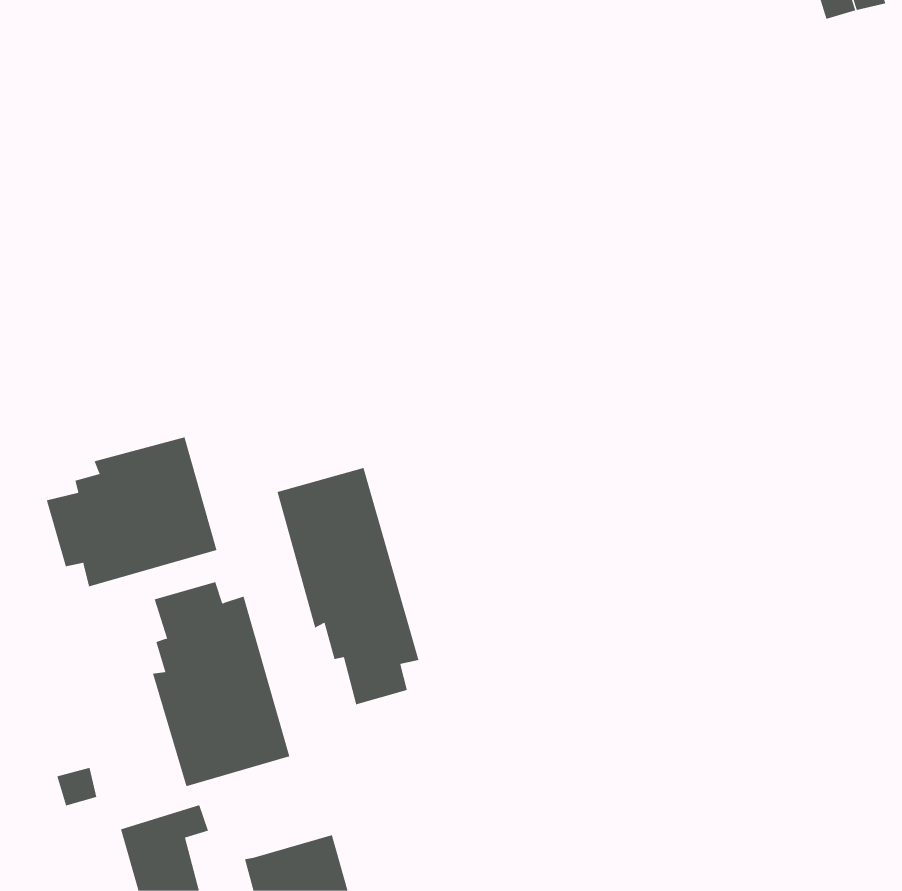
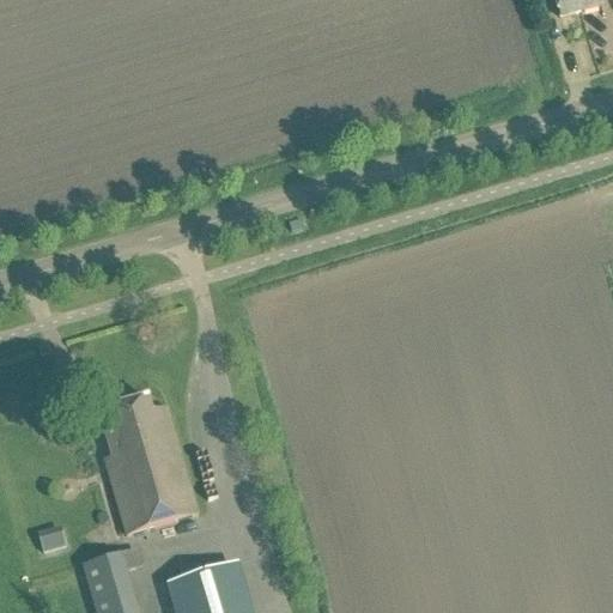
building: [46,436,217,587] -> none
building: [277,467,419,705] -> none

